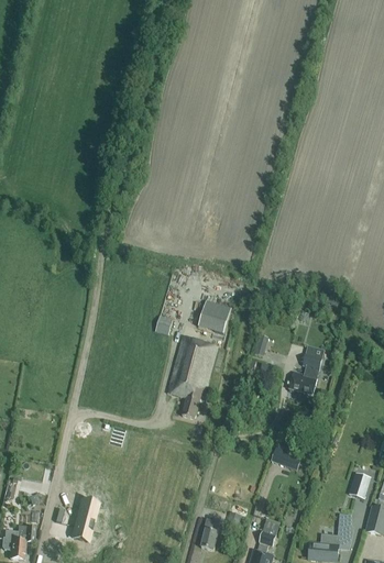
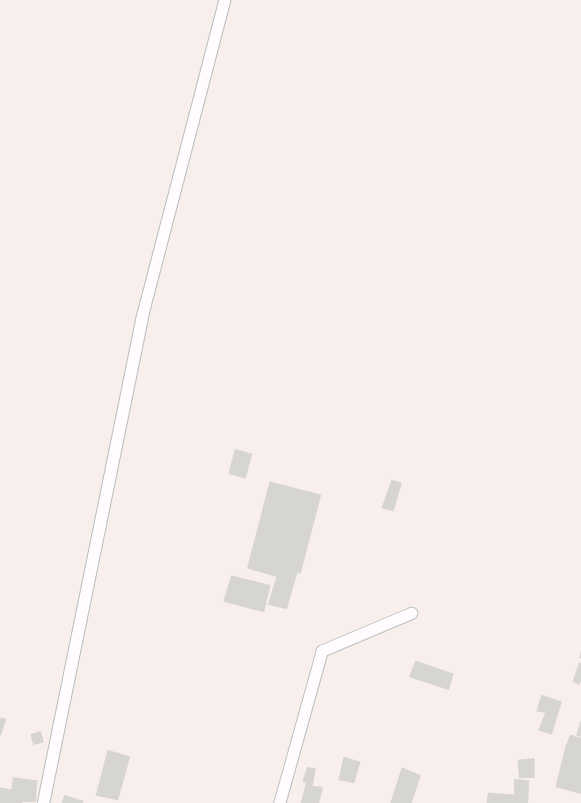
building: [198,298,231,332] -> none
building: [287,344,326,395] -> none
building: none -> [223,575,271,613]

